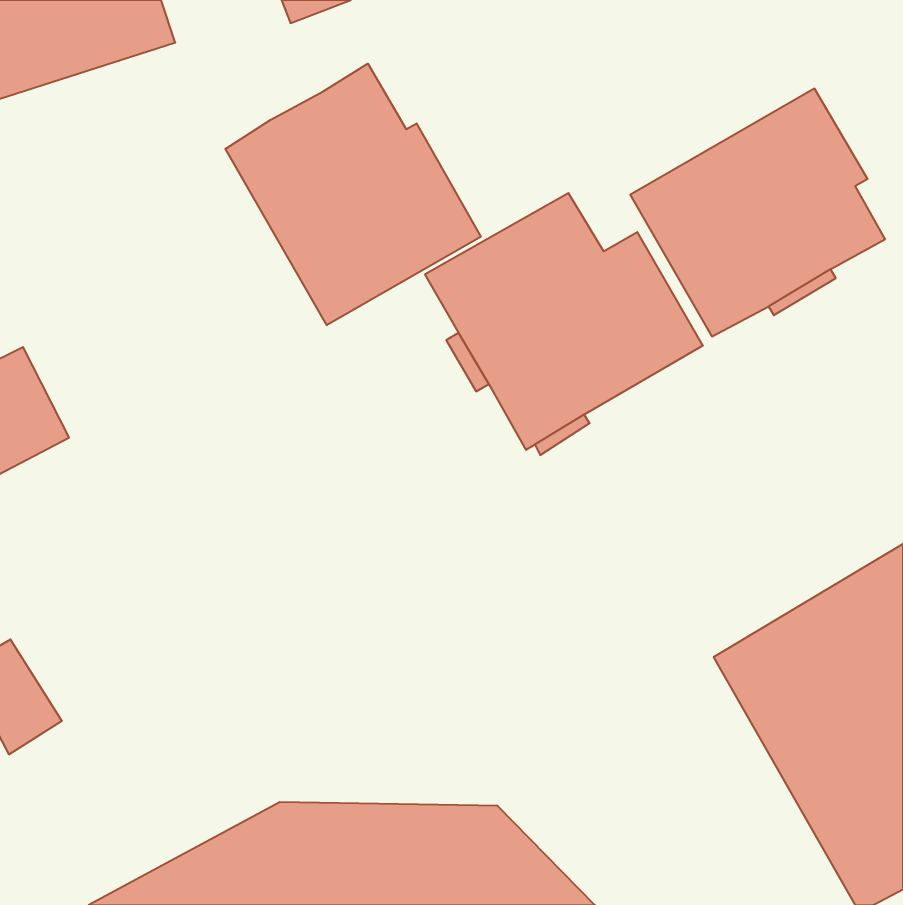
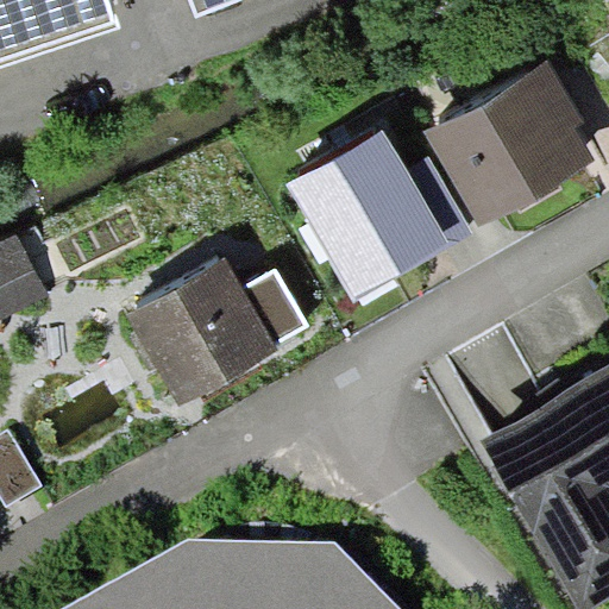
building: [225,64,481,325] -> none
building: none -> [126,256,306,406]

